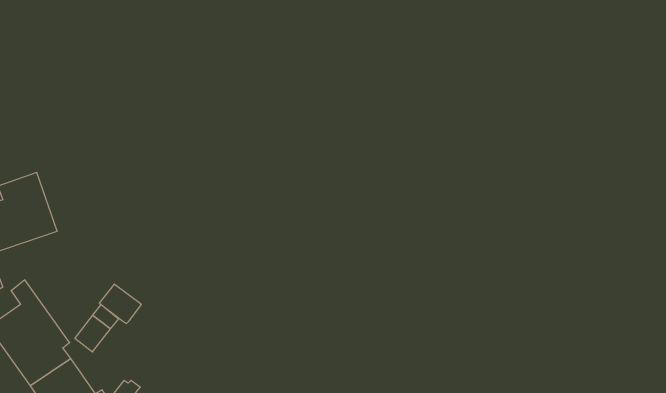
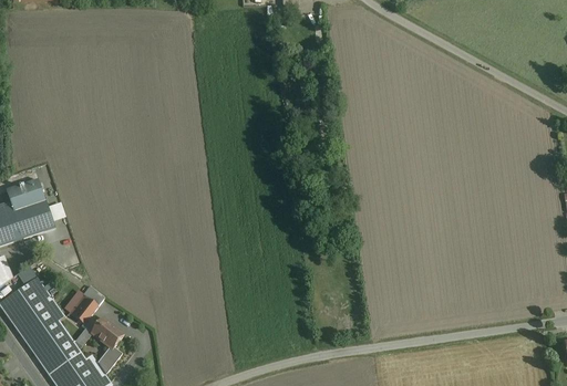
building: [99,284,141,323] -> [90,316,124,348]

